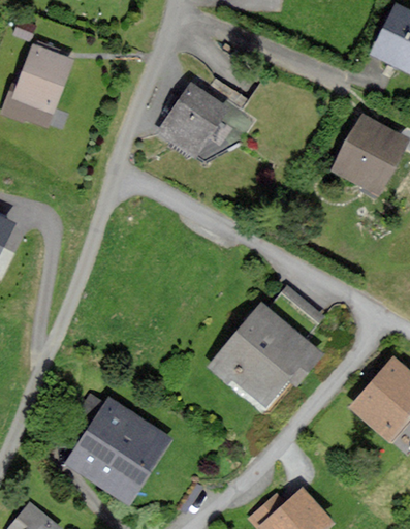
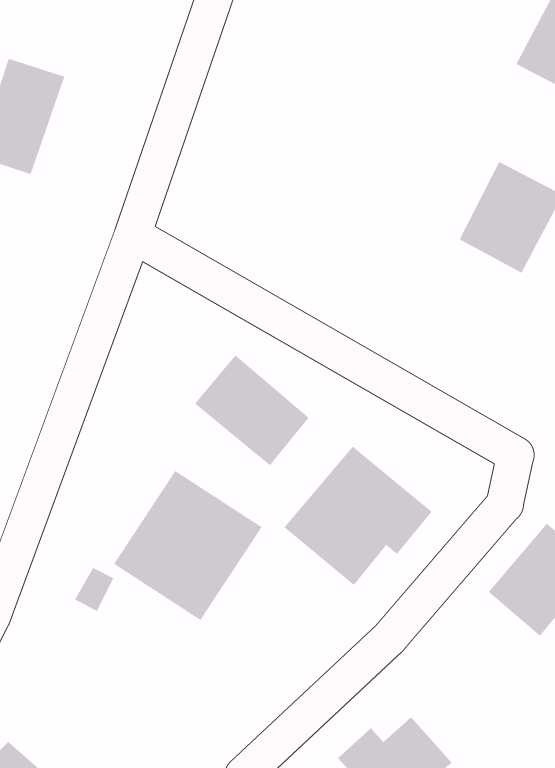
building: [160,83,254,164] -> none
building: none -> [194,355,310,466]
building: [67,400,167,501] -> [113,470,263,621]

